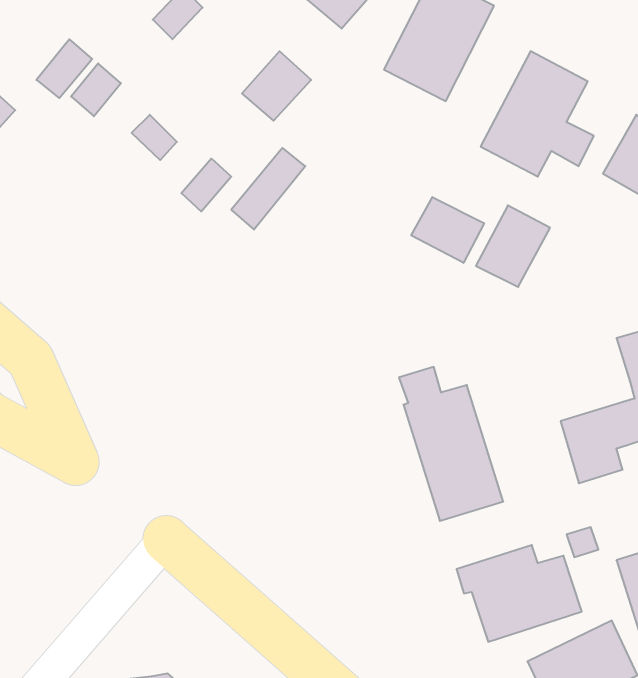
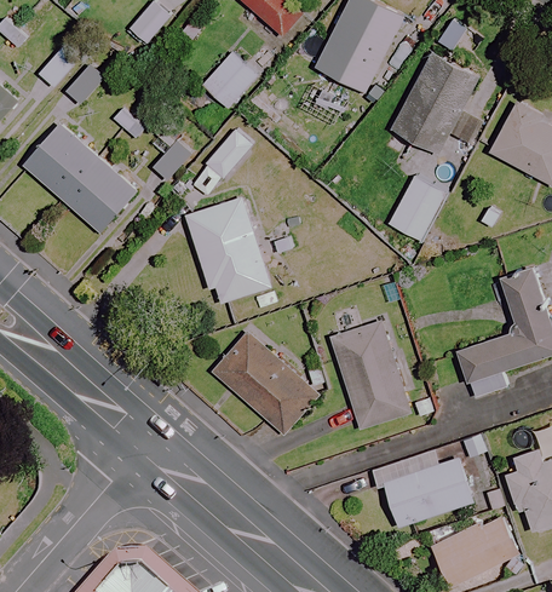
building: none -> [25,125,138,232]
building: [411,197,484,263] -> none
building: none -> [186,197,270,304]
building: none -> [214,333,321,437]

